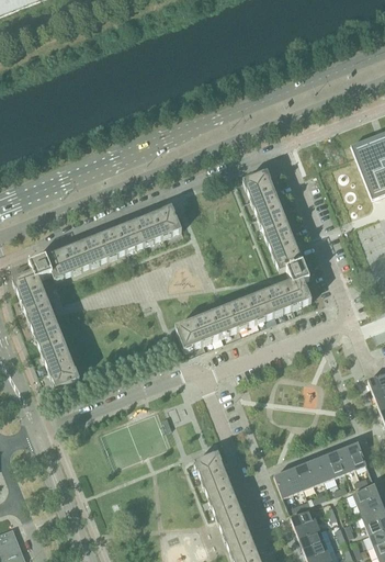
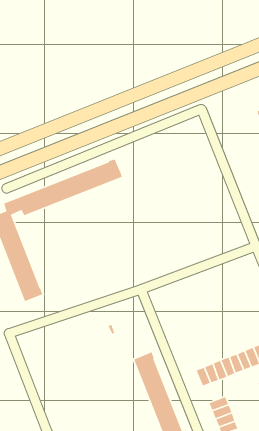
building: [174,170,310,350] -> none

